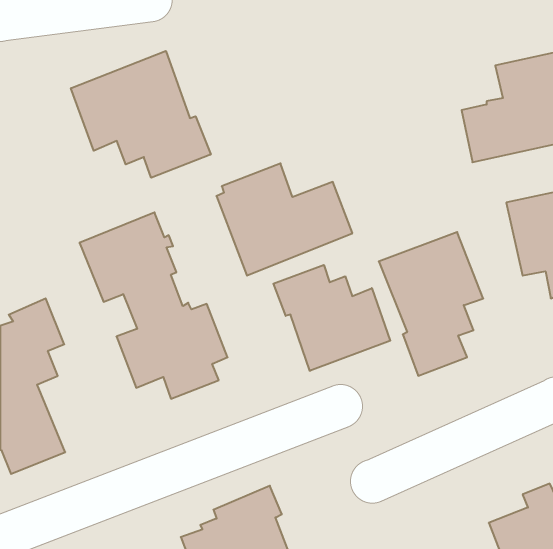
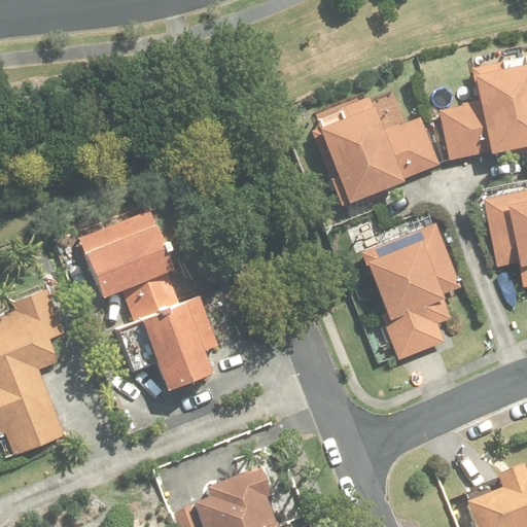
building: [71,51,211,178] -> none
building: [216,163,352,276] -> [312,100,441,206]
building: [273,265,390,371] -> none

